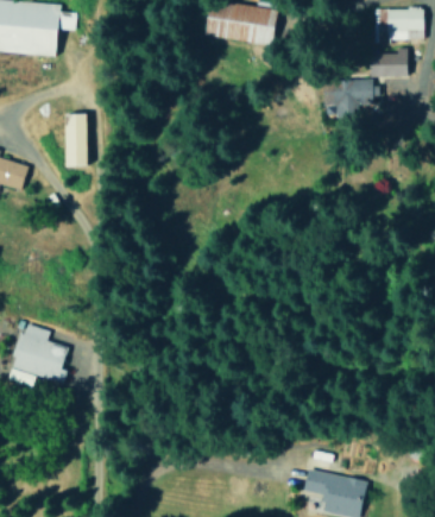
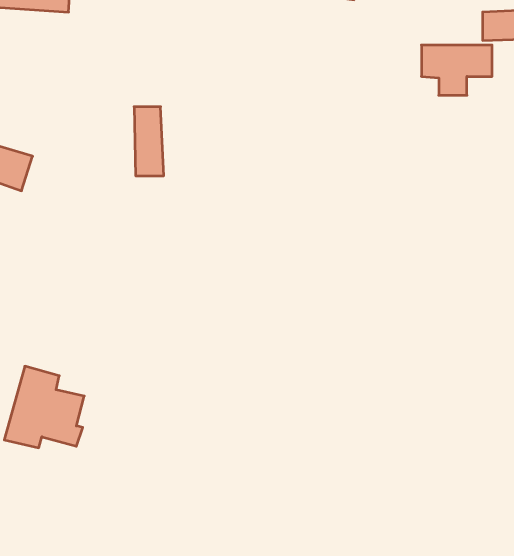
building: [65,113,88,165] -> [134,107,164,176]

